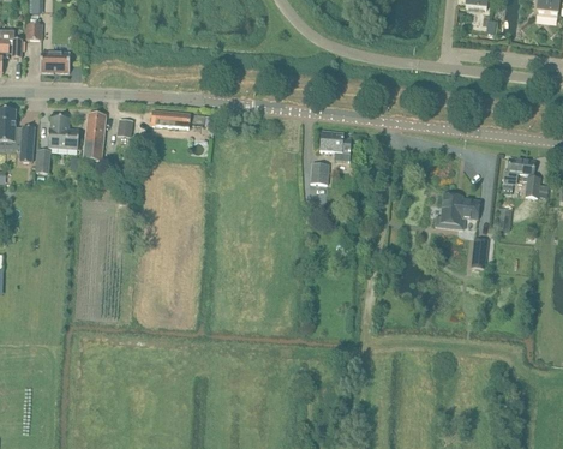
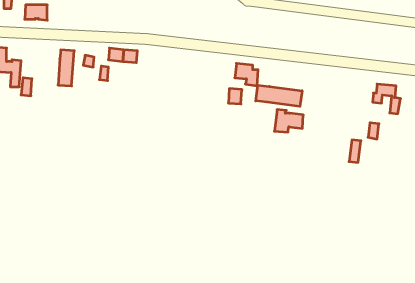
building: [48,115,79,149] -> none
building: none -> [256,85,302,106]
building: [441,193,479,223] -> [274,110,303,132]

